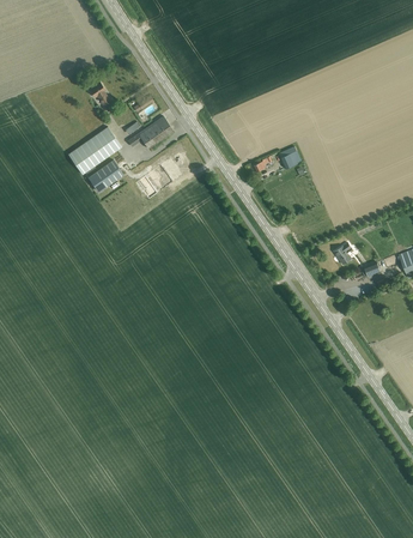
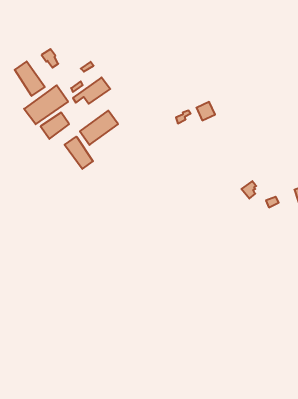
building: none -> [15,61,45,96]
building: none -> [65,137,93,169]

